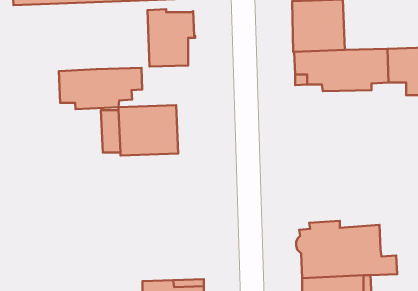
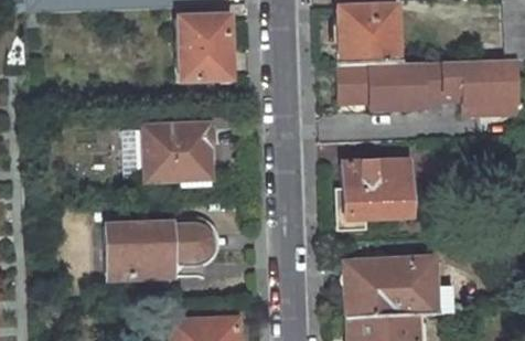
building: [59,68,142,109] -> none
building: none -> [341,159,413,228]
building: none -> [108,222,212,277]

